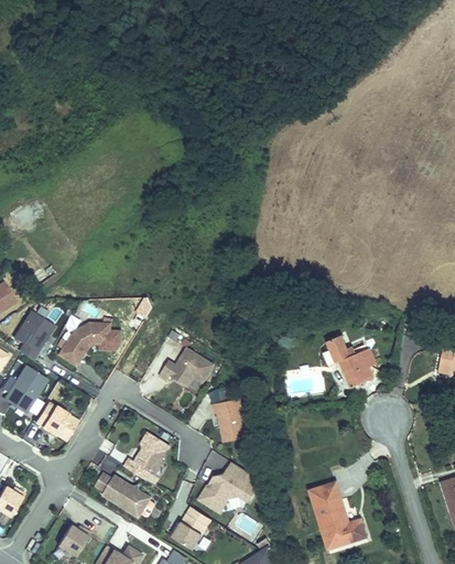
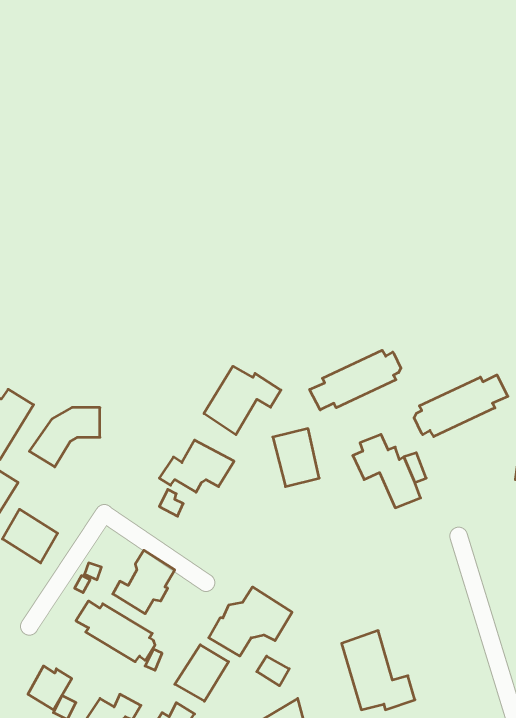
building: none -> [310,350,401,410]
building: none -> [204,366,281,435]
building: none -> [414,375,508,437]
building: [213,399,249,444] -> [273,429,319,487]

